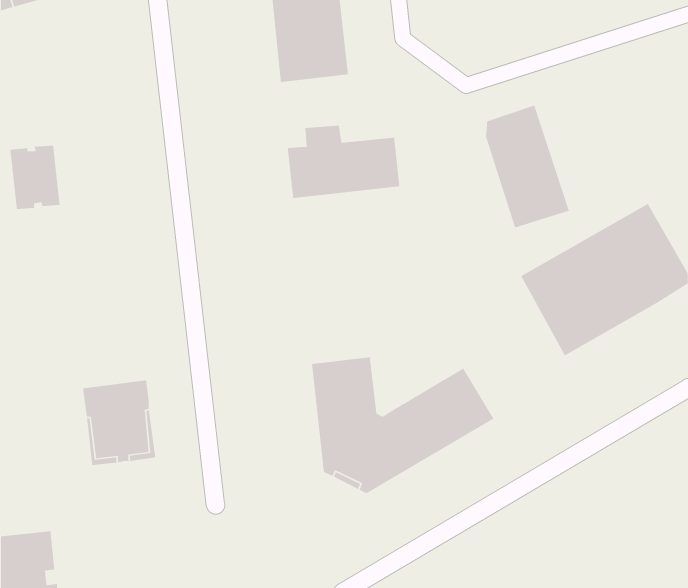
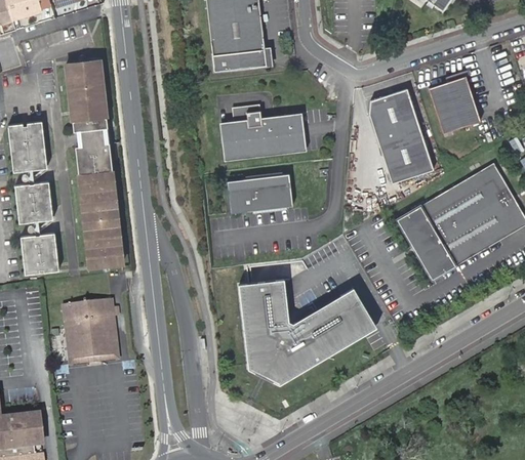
building: none -> [66,58,122,264]
building: none -> [429,77,478,126]
building: none -> [225,174,291,213]
building: none -> [14,179,52,221]
building: none -> [19,229,58,273]

